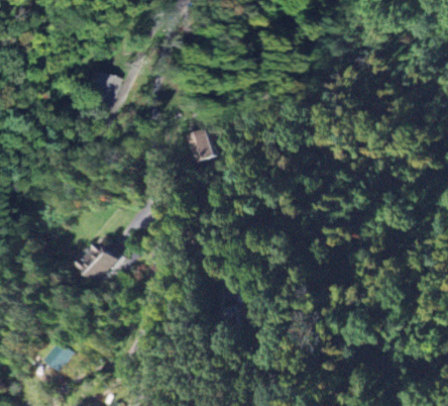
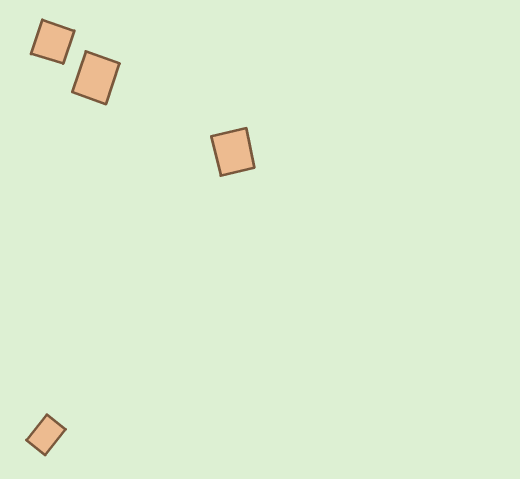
building: none -> [31,20,74,64]
building: [75,239,118,283] -> none

